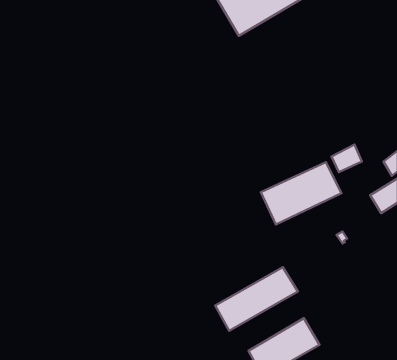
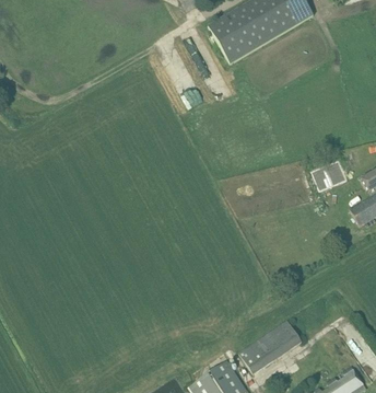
building: [261,162,342,224] -> none
building: [215,267,298,331] -> none

